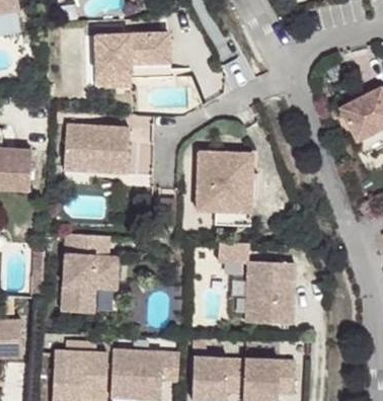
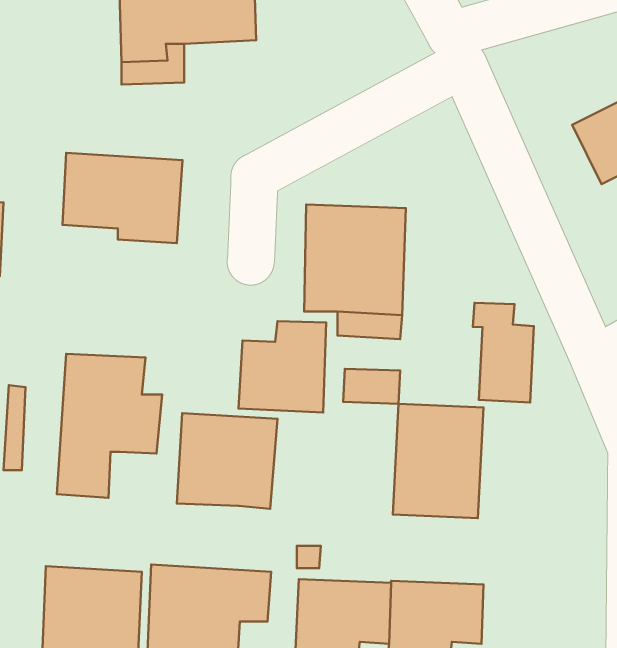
building: [130,130,150,179] -> none
building: none -> [473,303,534,402]
building: none -> [239,321,326,412]
building: none -> [177,413,278,509]

